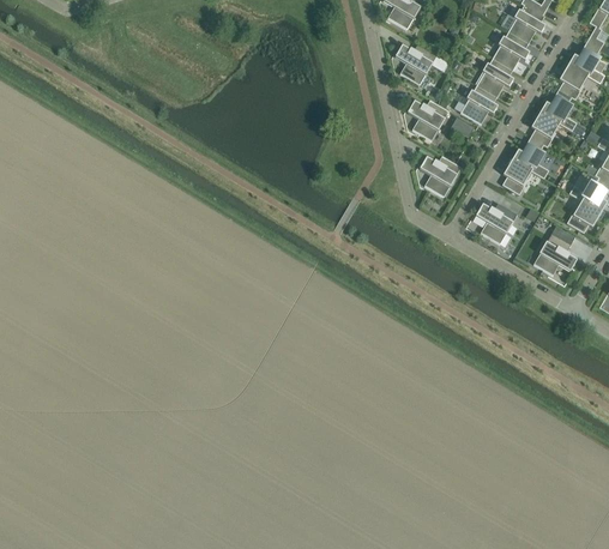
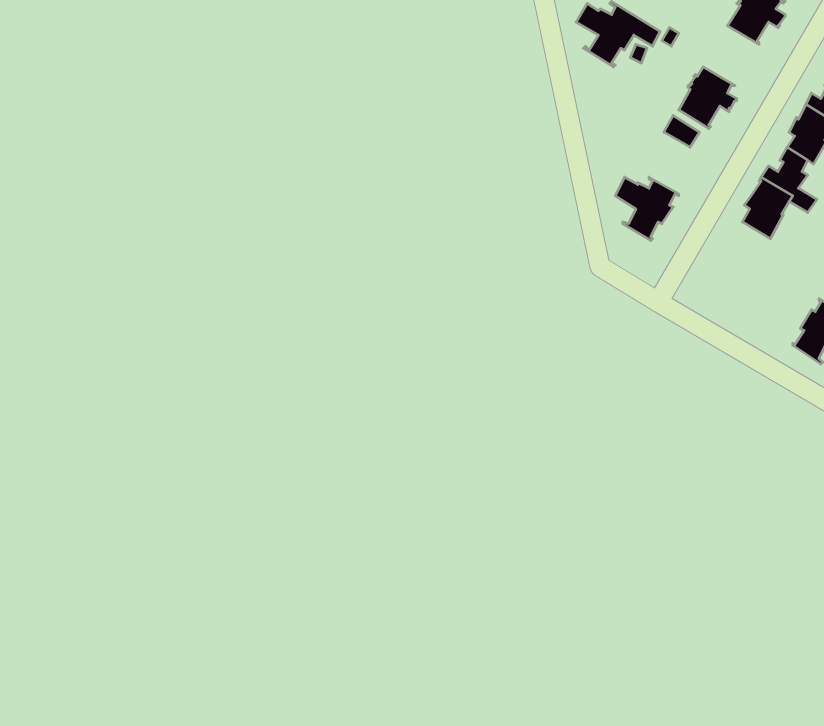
building: [476,59,513,97] -> none
building: [406,99,448,140] -> none
building: [475,203,517,243] -> none

